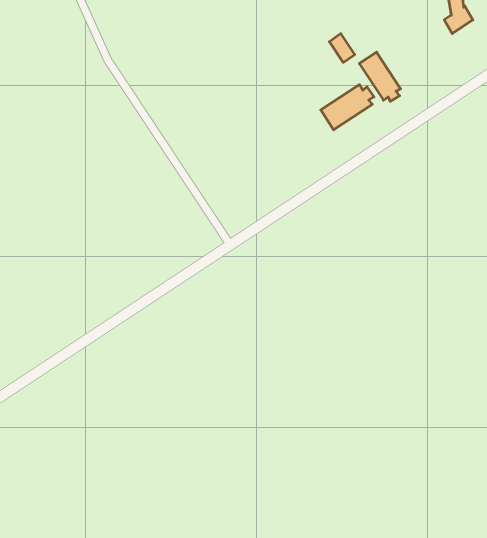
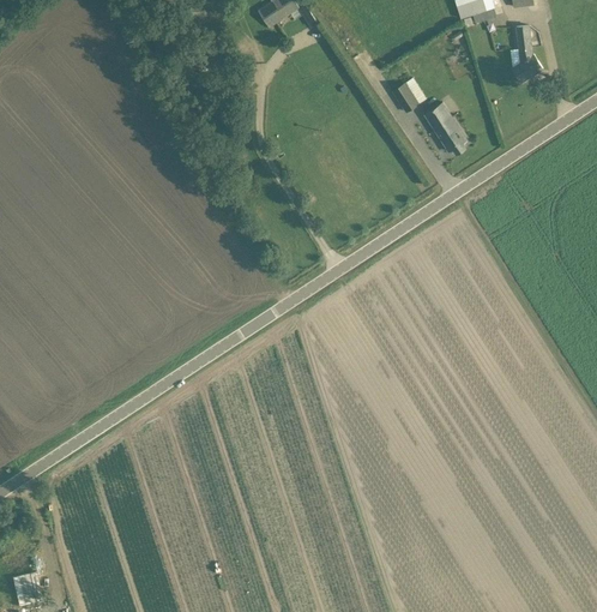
building: [321,85,374,130] -> none

